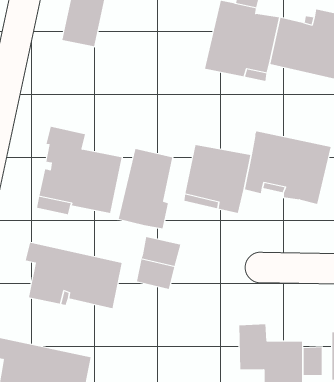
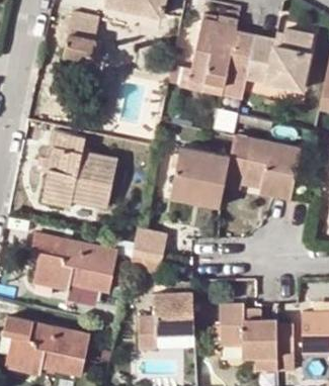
building: [118,148,173,229] -> none
building: none -> [139,291,193,349]

